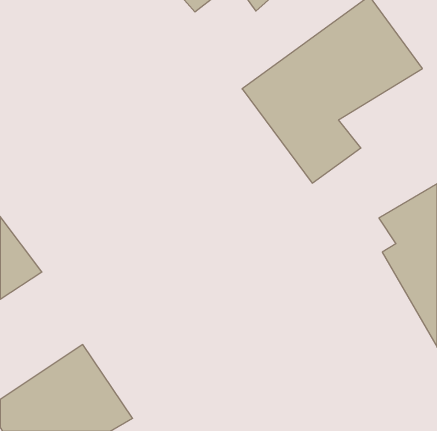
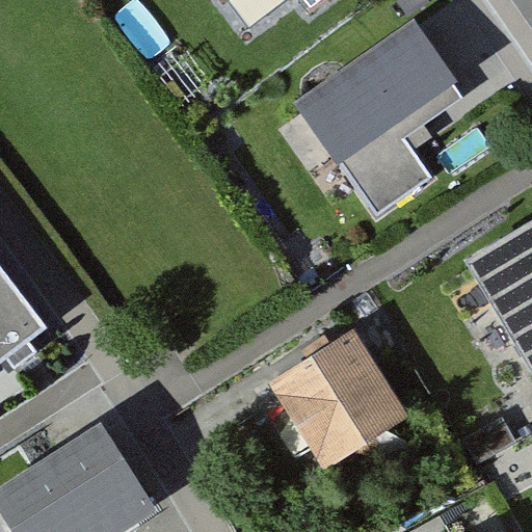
building: none -> [263,321,413,476]

